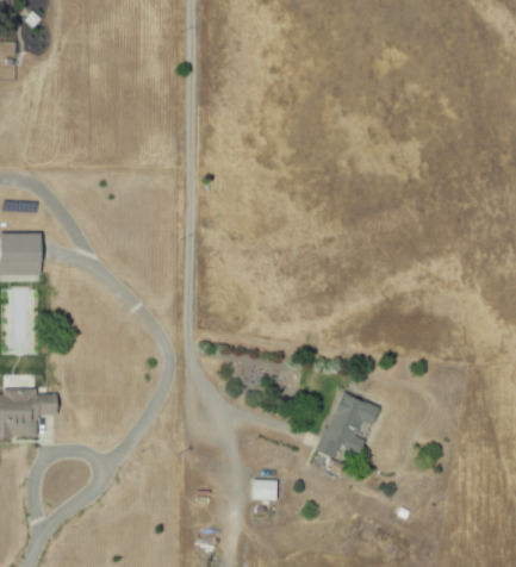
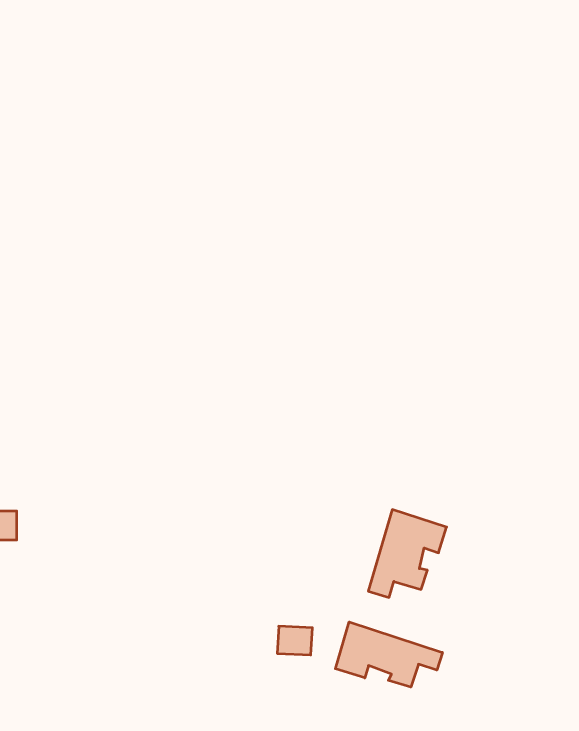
building: none -> [335,622,442,687]

